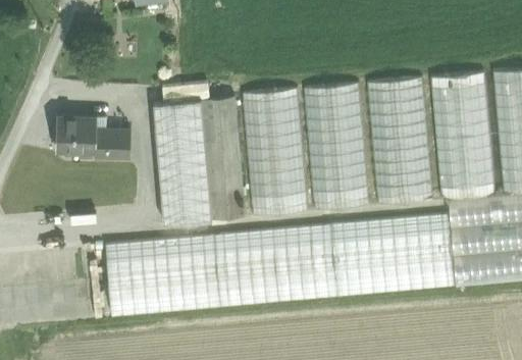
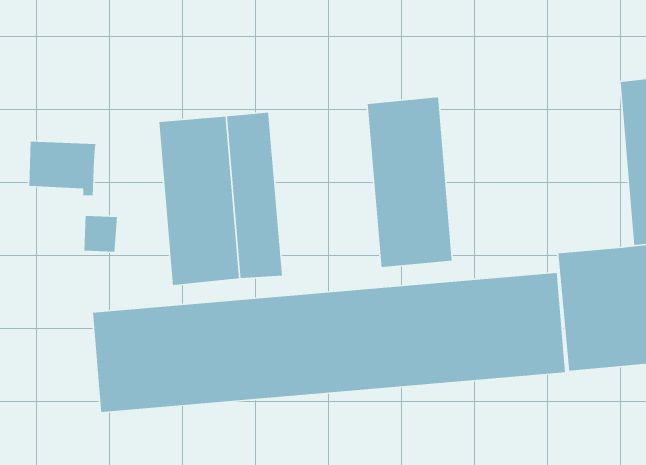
building: [430,73,495,199] -> none
building: [366,79,434,205] -> none
building: [243,90,310,215] -> none
building: [105,131,130,158] -> [83,215,118,253]

